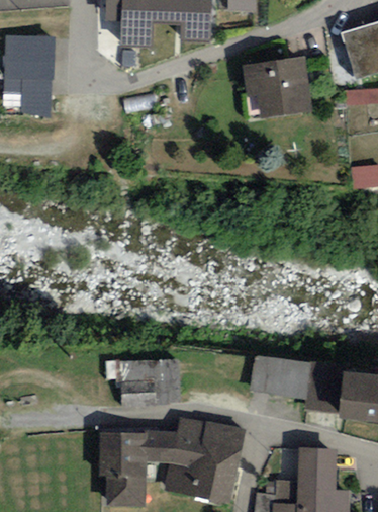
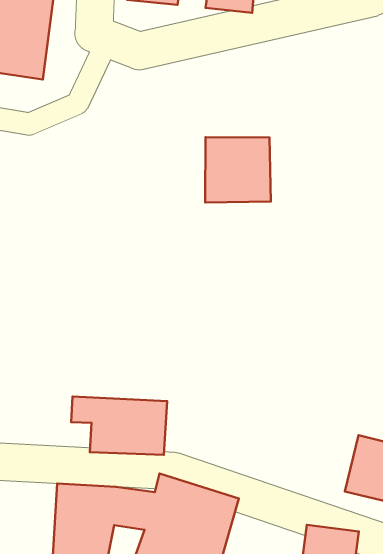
building: [246,62,302,118] -> [205,137,271,202]
building: [250,354,310,398] -> none

